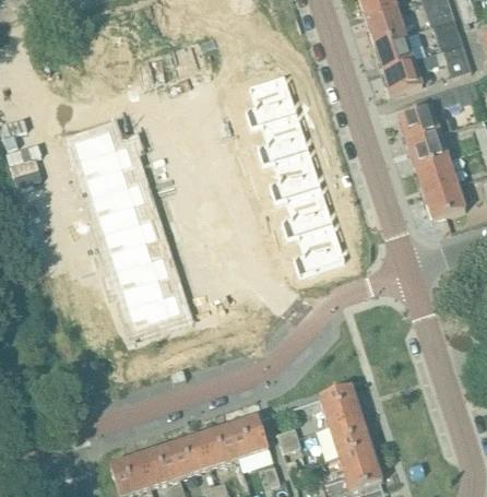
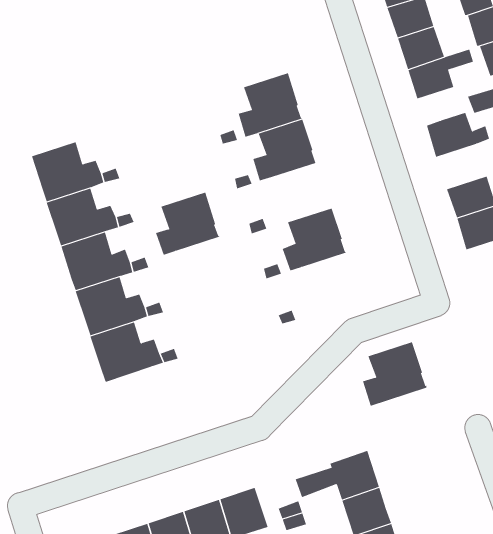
building: [406,132,449,169] -> none
building: [268,147,321,200] -> [155,192,220,255]
building: [292,222,345,275] -> [362,342,427,406]

